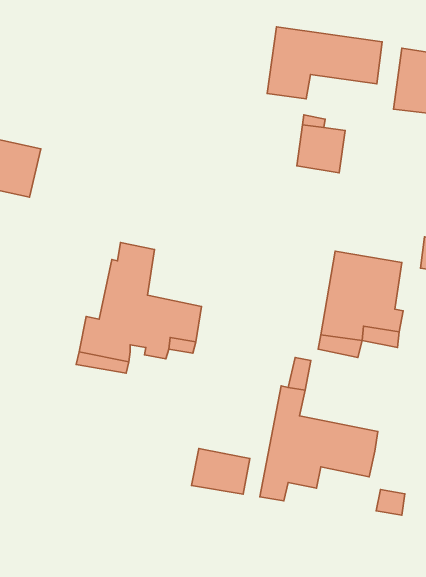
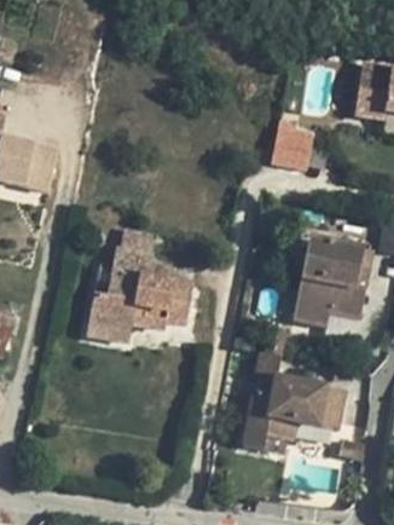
building: [267,27,382,99] -> none
building: [192,449,250,494] -> none

